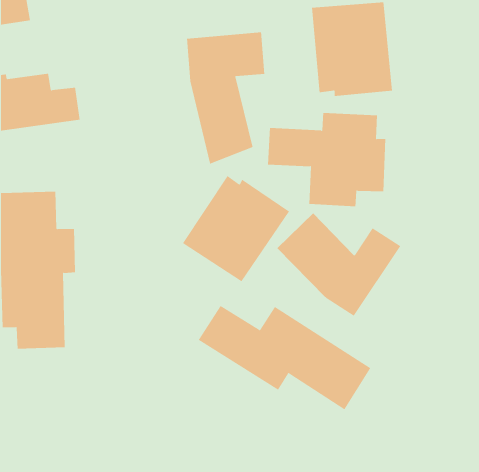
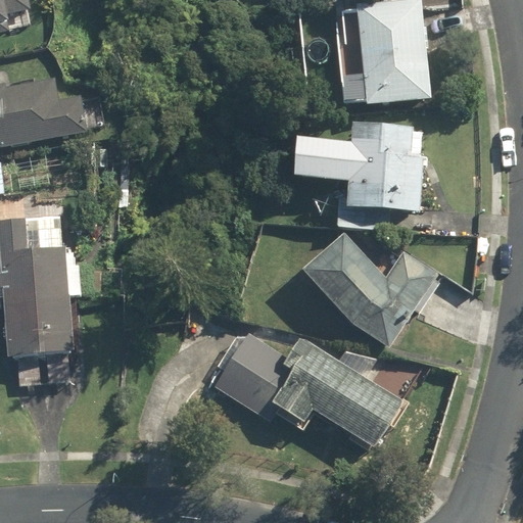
building: [186,31,265,165] -> none
building: [182,175,290,282] -> none

